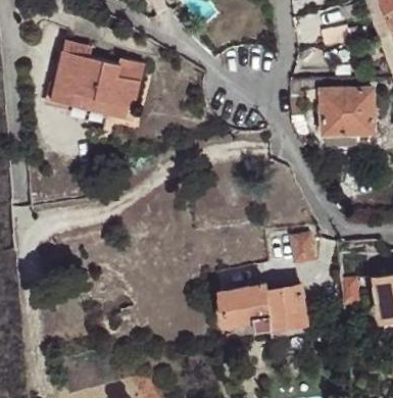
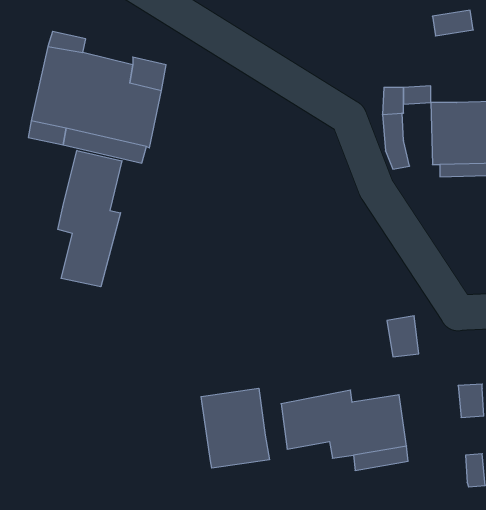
building: none -> [58,150,122,287]
building: none -> [201,388,269,468]

